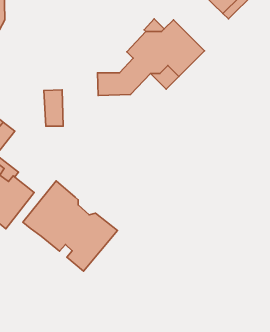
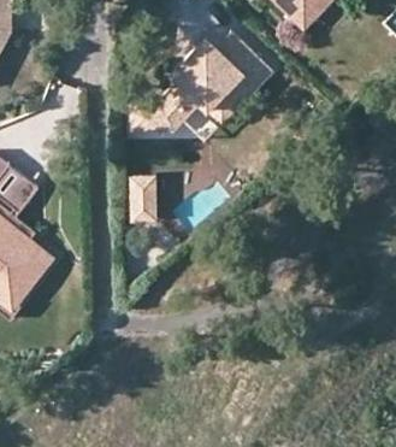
building: [44,90,63,126] -> [130,177,155,225]
building: [23,181,117,271] -> none

